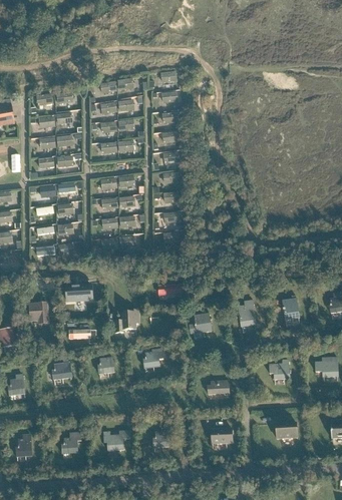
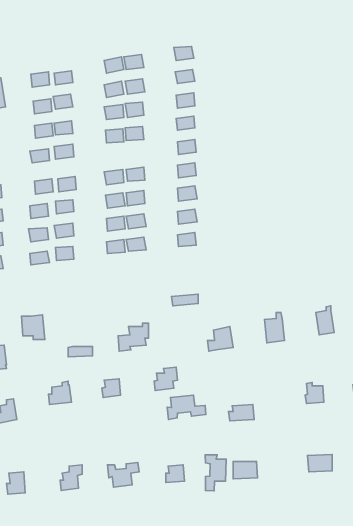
building: [65,286,91,302] -> none
building: none -> [167,395,206,419]
building: none -> [205,455,226,491]

